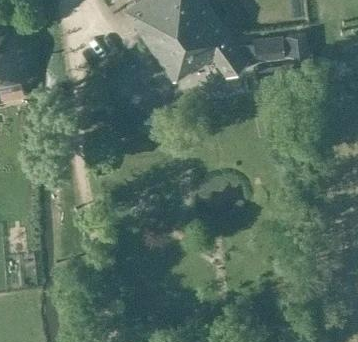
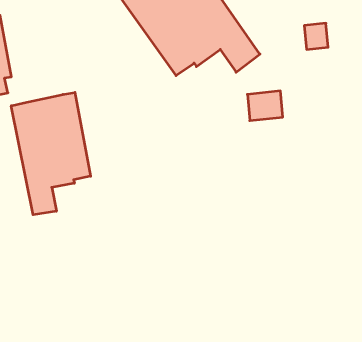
building: [253,40,284,66] -> [247,91,283,121]
building: none -> [11,92,91,215]

